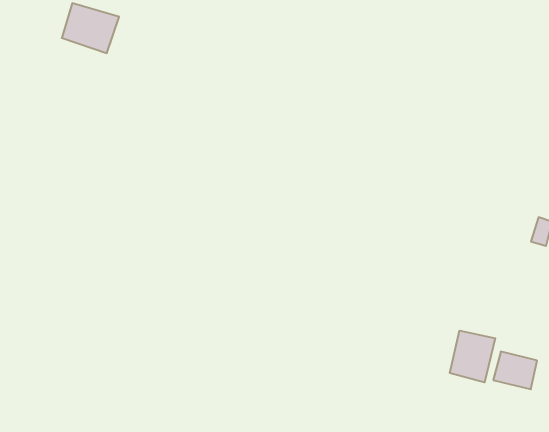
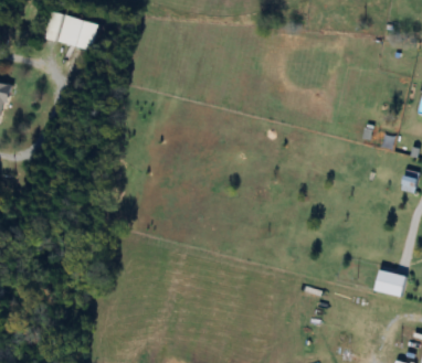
building: [450,331,495,382] -> none

